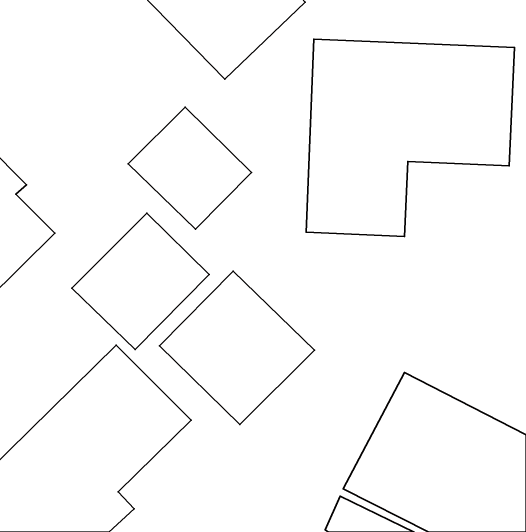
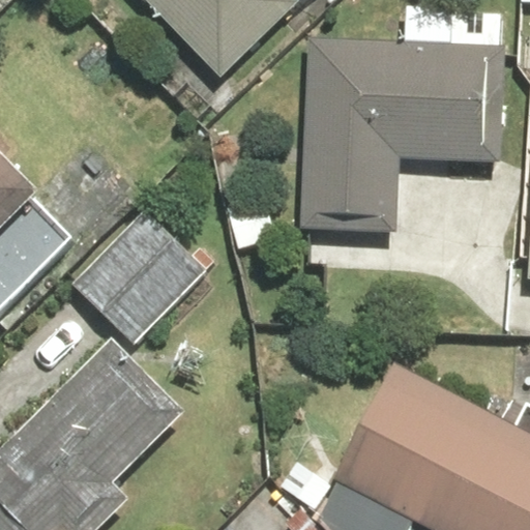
building: [128,107,251,229] -> none
building: [160,271,314,425] -> none

